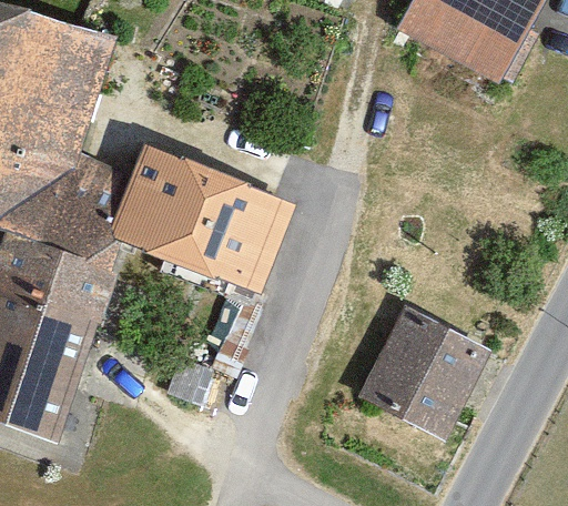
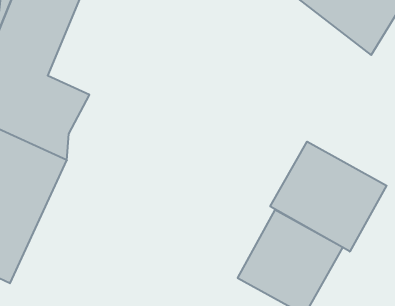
building: [111,146,295,294] -> none
building: none -> [270,142,387,252]

